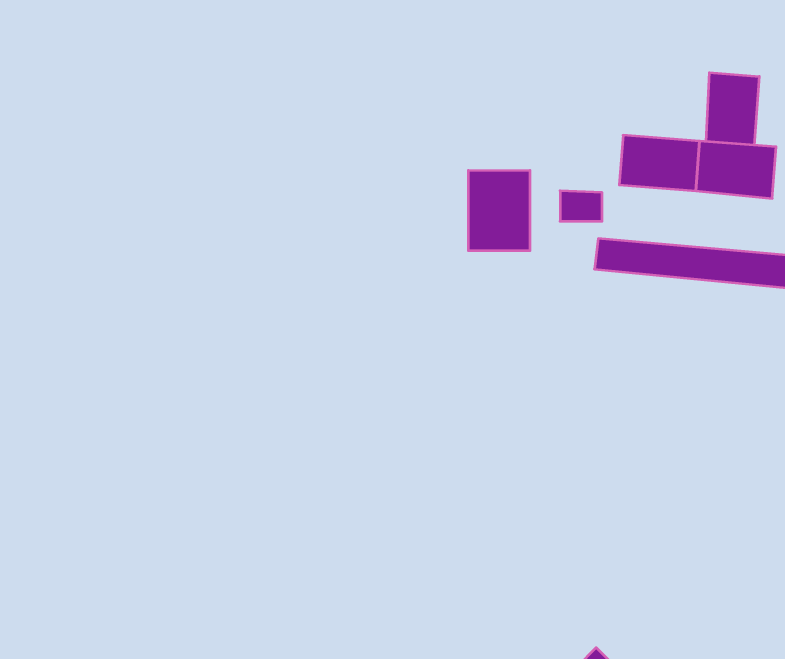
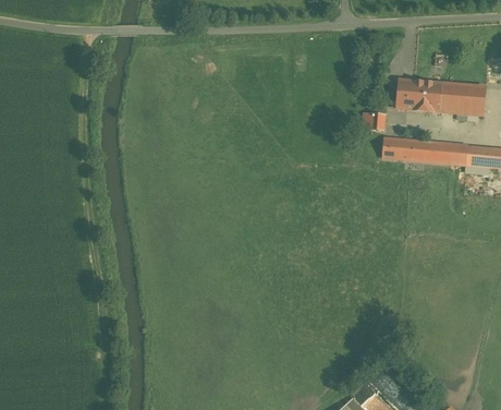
building: [706,73,759,145] -> none
building: [468,170,530,251] -> none

